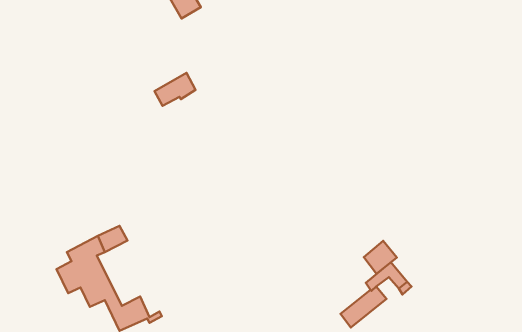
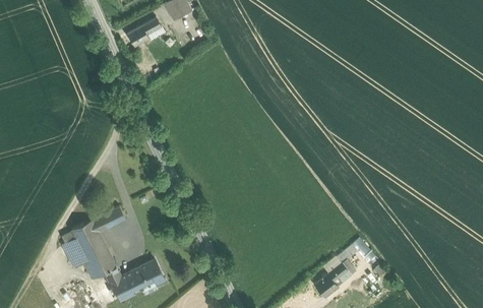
building: [154,73,196,106] -> [126,15,163,45]
building: [364,241,397,274] -> none
building: none -> [136,258,165,286]

